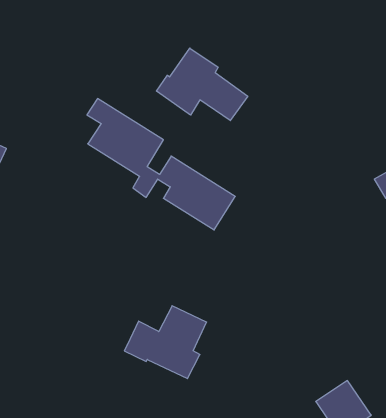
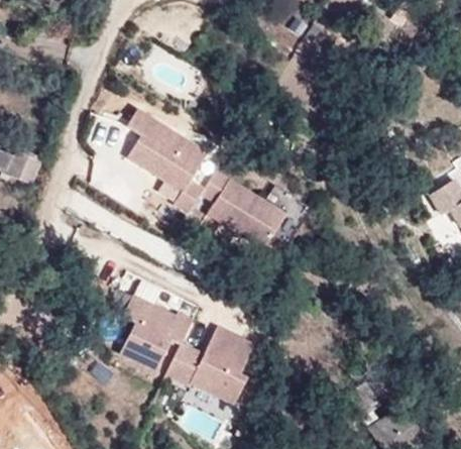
building: [156,48,248,121] -> none
building: none -> [120,295,193,370]

